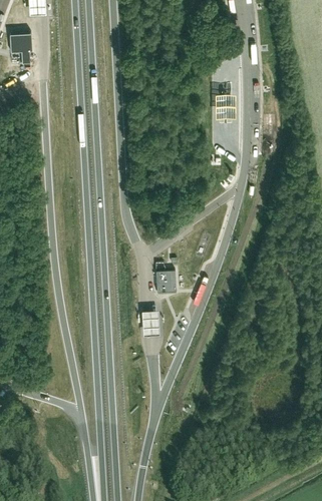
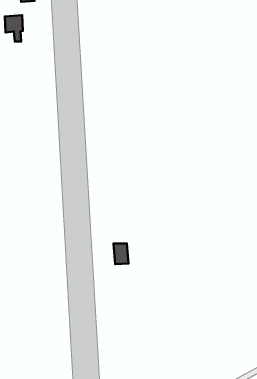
building: [154,271,175,293] -> none

